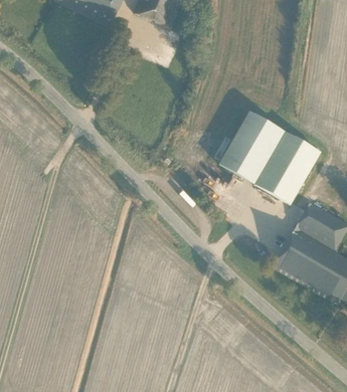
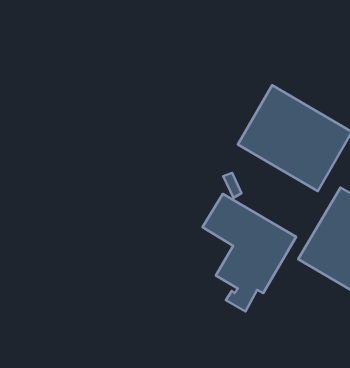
building: none -> [203,194,296,312]

